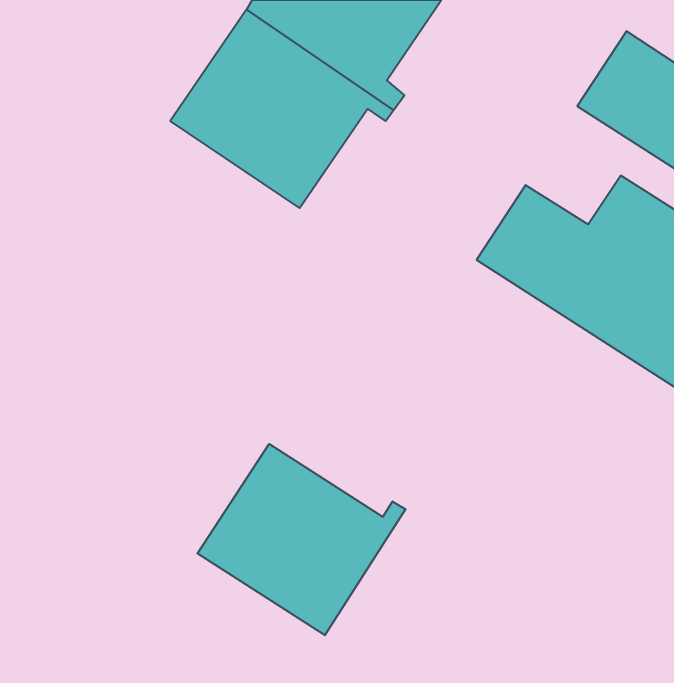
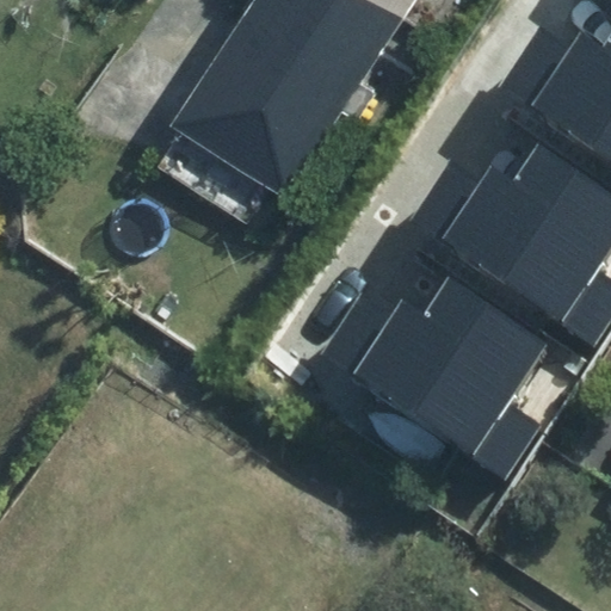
building: none -> [346,295,570,488]
building: [197,444,406,635] -> none

